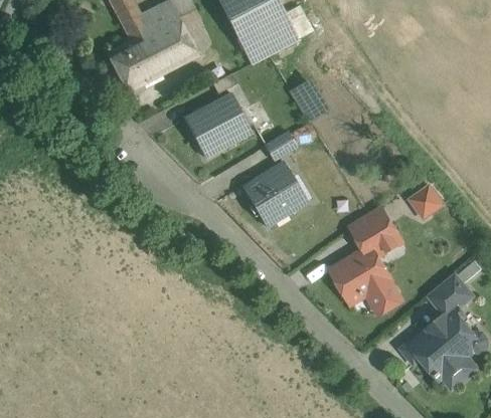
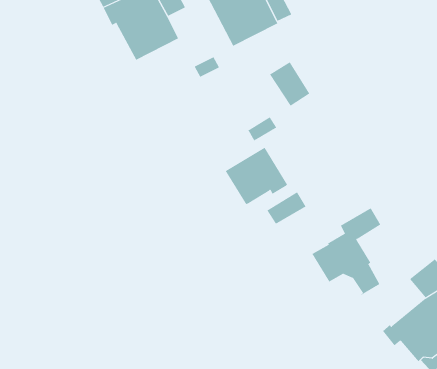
building: [107,38,154,90] -> none
building: [184,92,251,155] -> none
building: [408,185,443,218] -> none
building: [350,208,390,241] -> [266,192,306,225]

